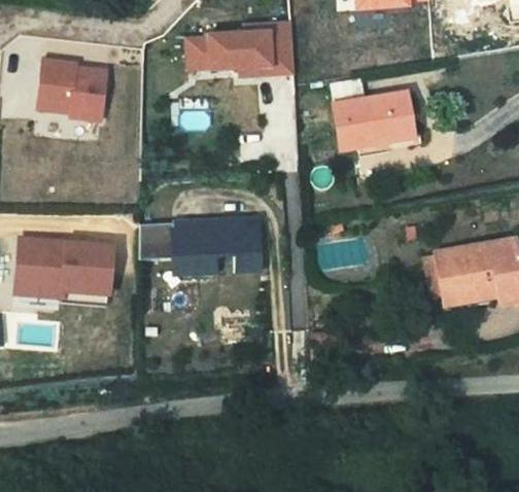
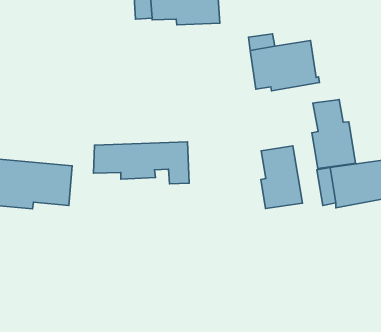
building: [37,61,106,120] -> none
building: none -> [312,99,356,169]
building: none -> [261,146,302,209]

